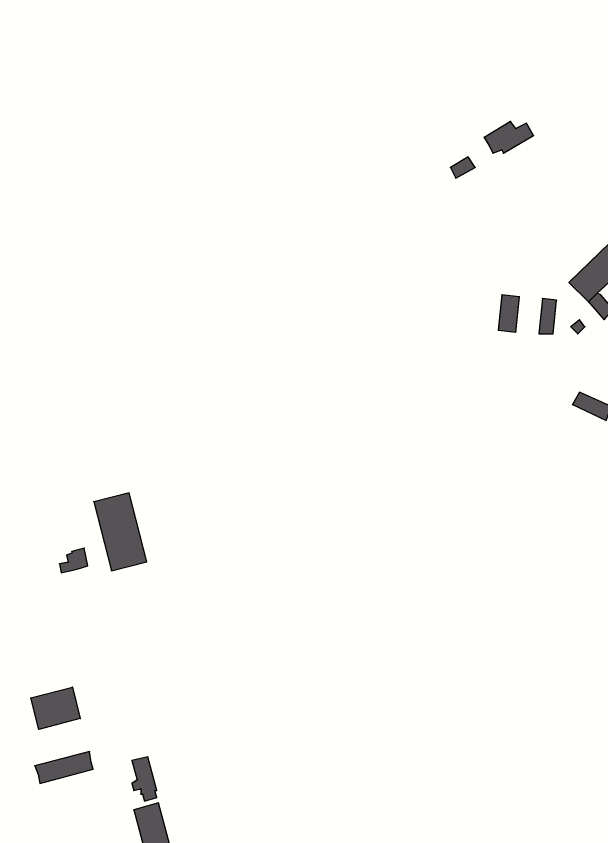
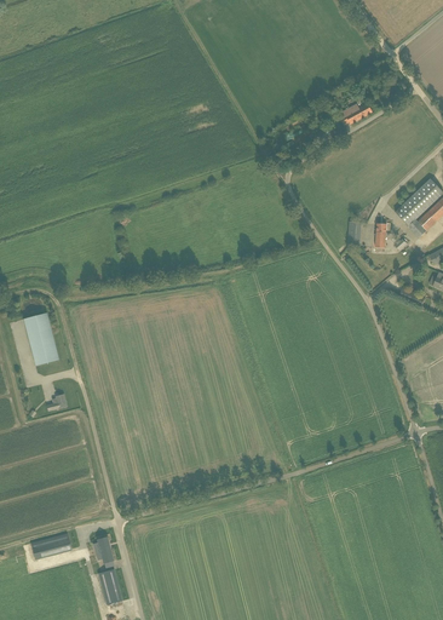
building: [94,493,147,571] -> [23,312,59,366]
building: [31,687,80,729] -> none

